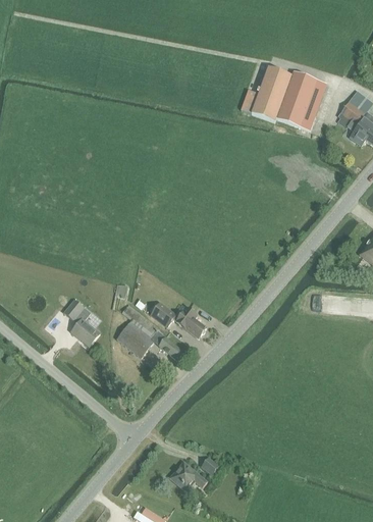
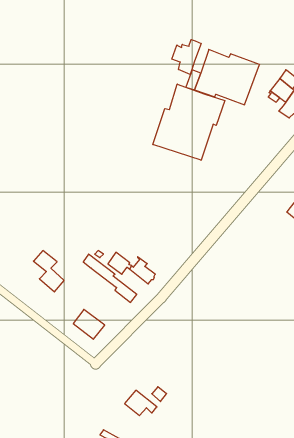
building: none -> [172,40,201,75]
building: none -> [153,84,225,160]
building: [116,323,153,358] -> [73,309,105,339]

